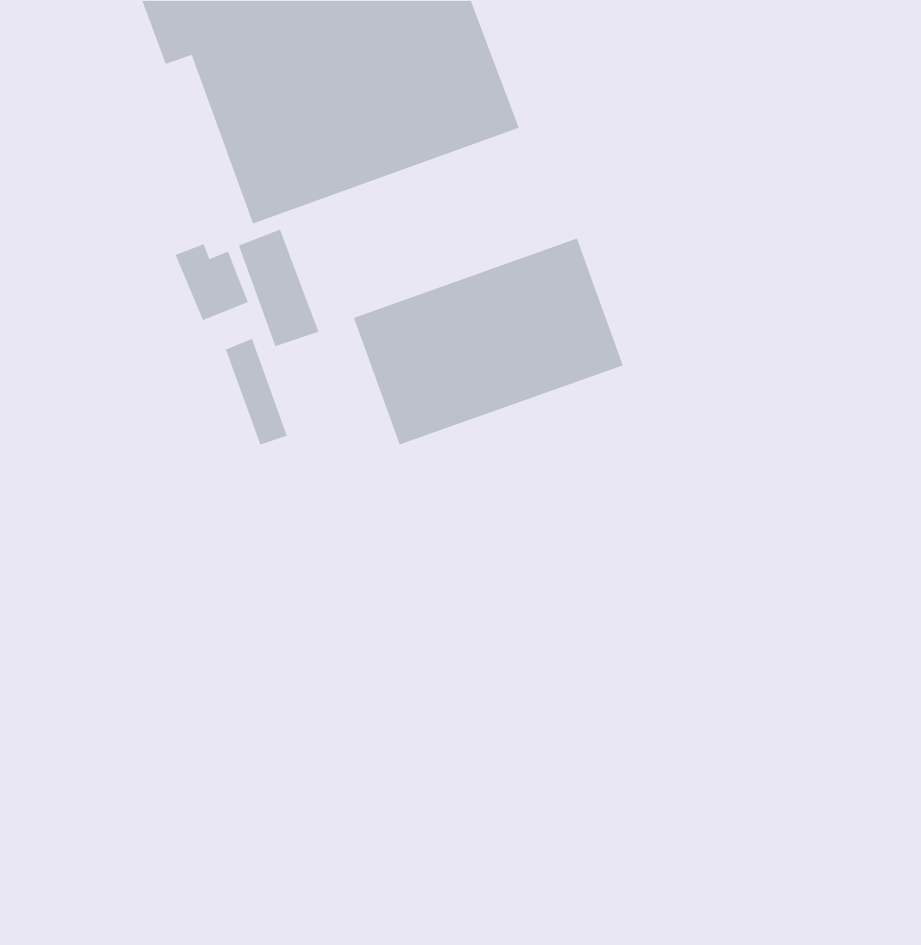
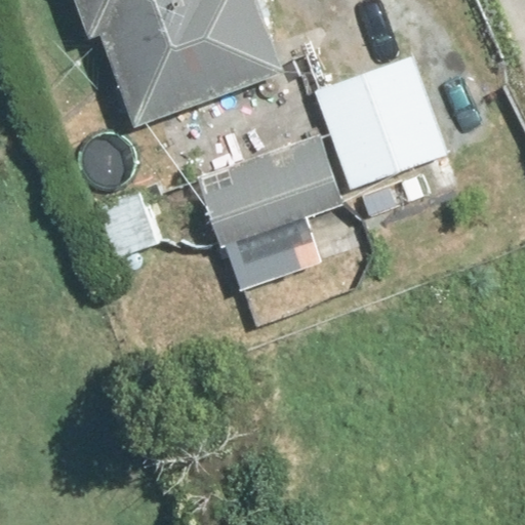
building: none -> [312,55,444,190]

